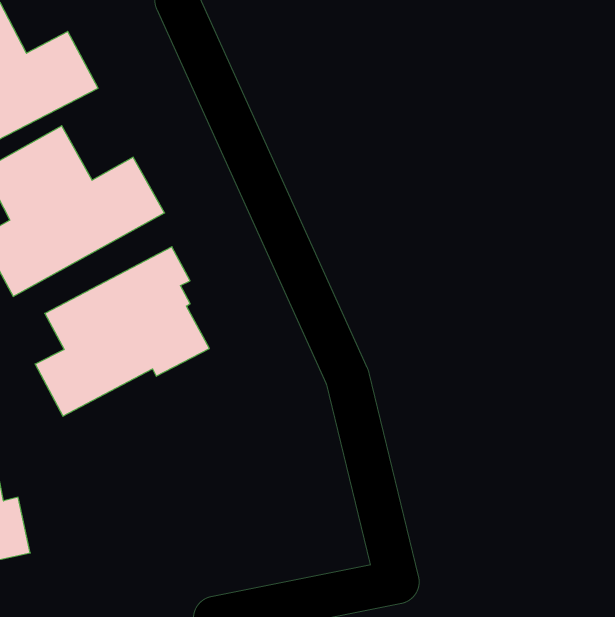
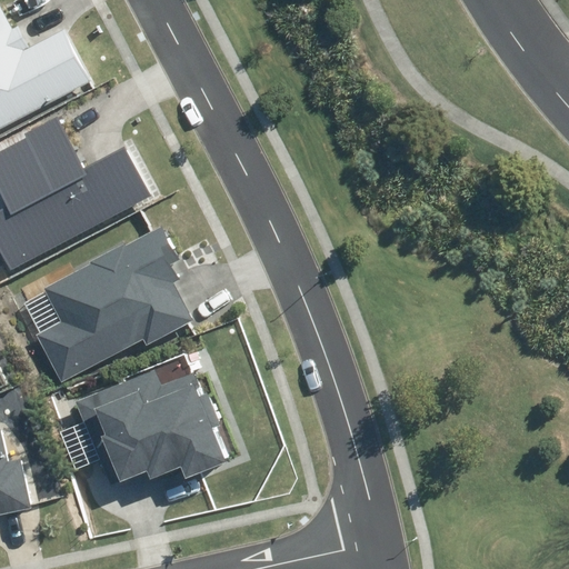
building: none -> [77,370,226,486]

